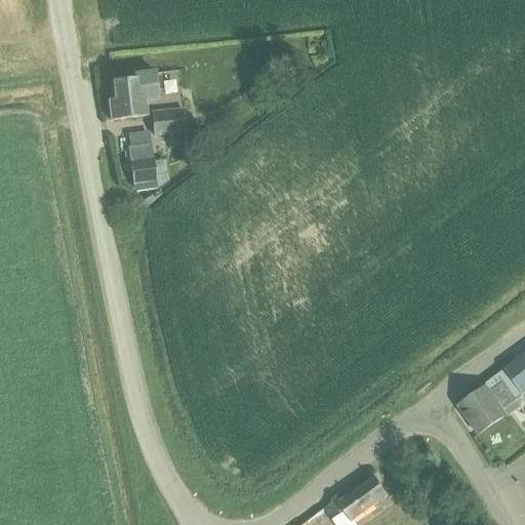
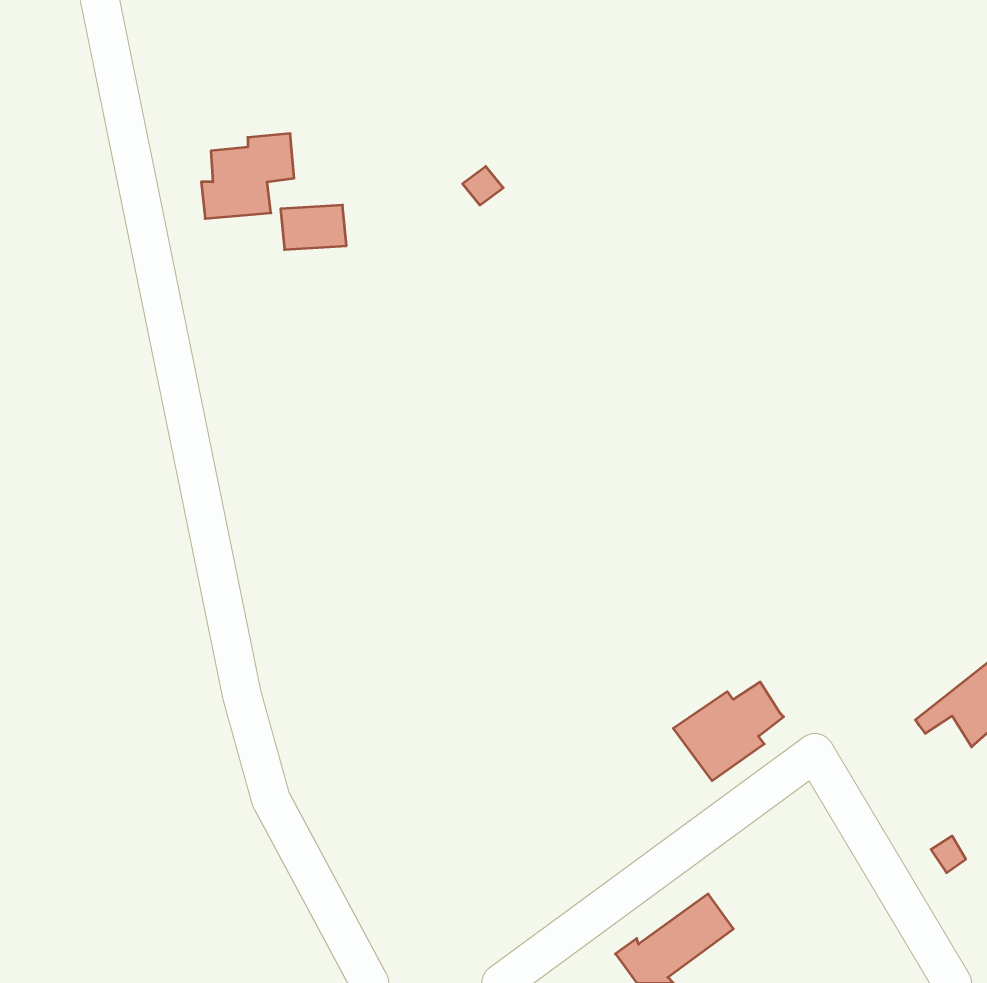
building: [128,142,157,190] -> none
building: [459,379,518,432] -> [673,682,784,781]

